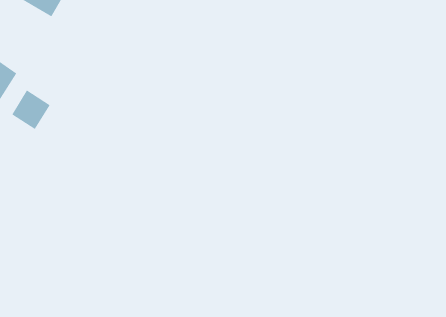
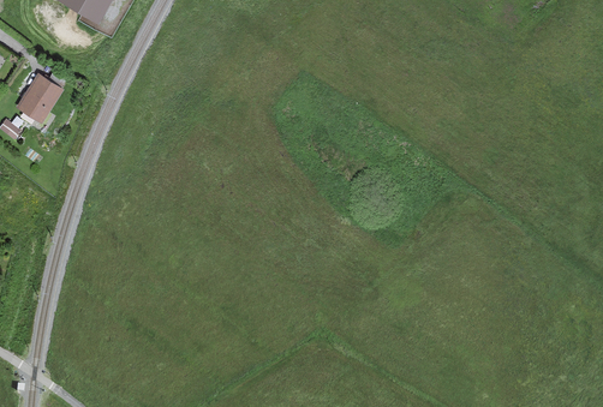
building: [11,90,50,130] -> none

